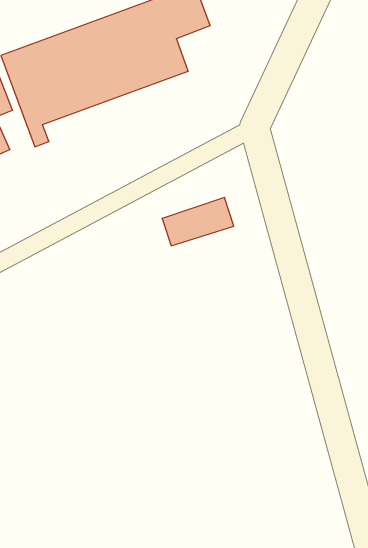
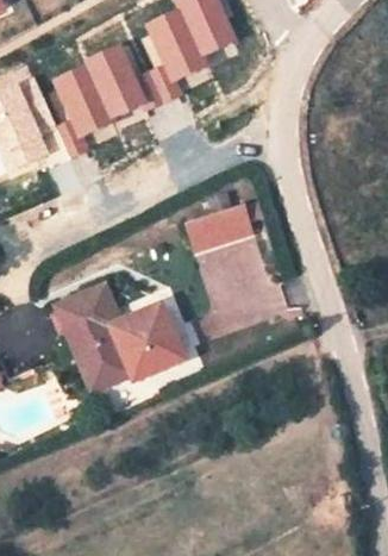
building: none -> [58,282,187,388]

